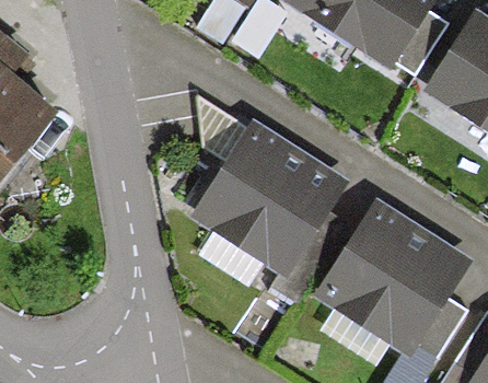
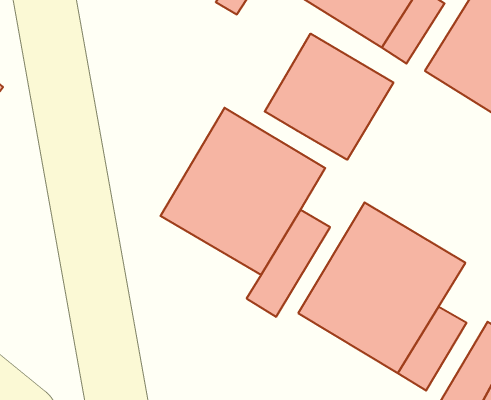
building: none -> [265,34,393,160]

